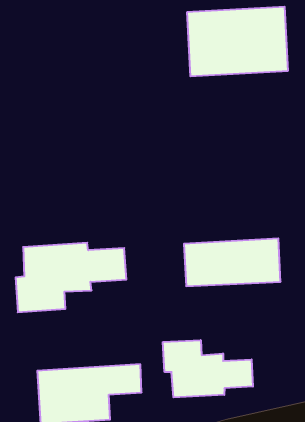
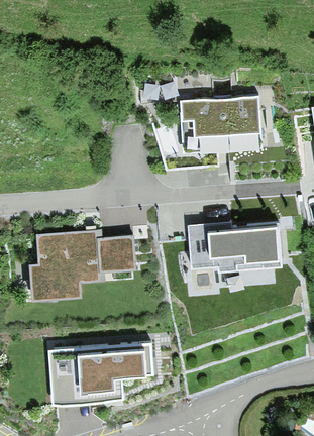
building: [187,7,288,76] -> [174,96,268,160]
building: [163,340,253,397] -> none

